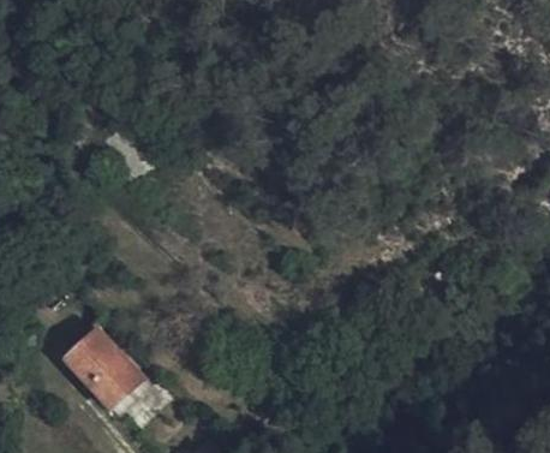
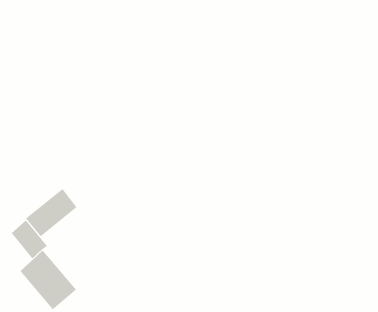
building: none -> [25,188,77,237]

